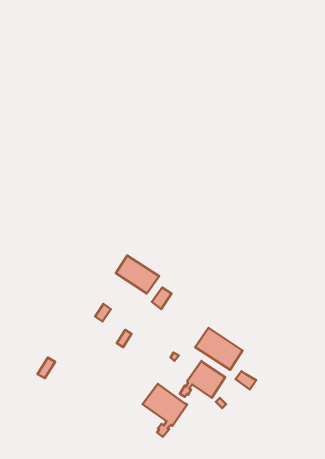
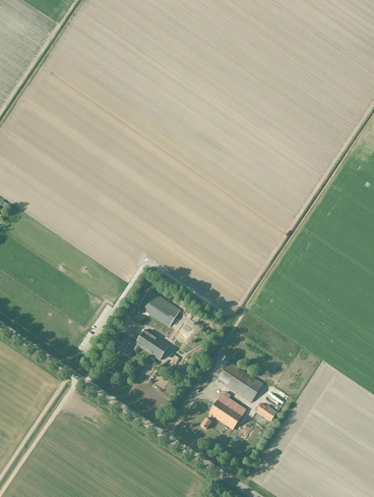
building: none -> [127,329,169,360]
building: [143,384,187,437] -> none

